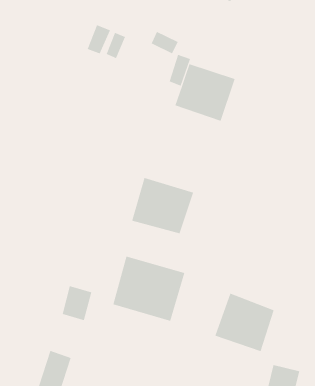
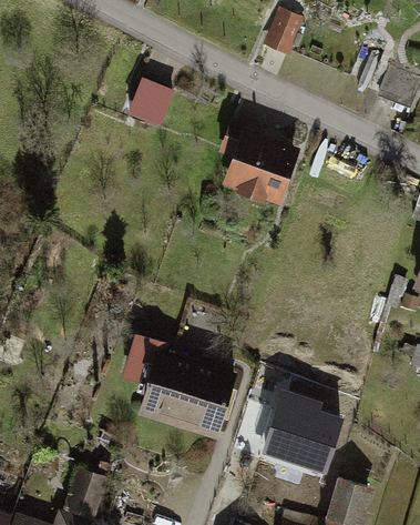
building: [131,177,194,234] -> none
building: [62,286,92,321] -> [126,337,162,378]

